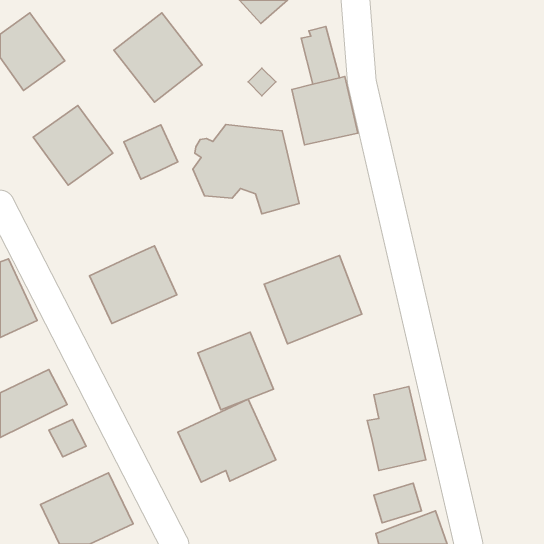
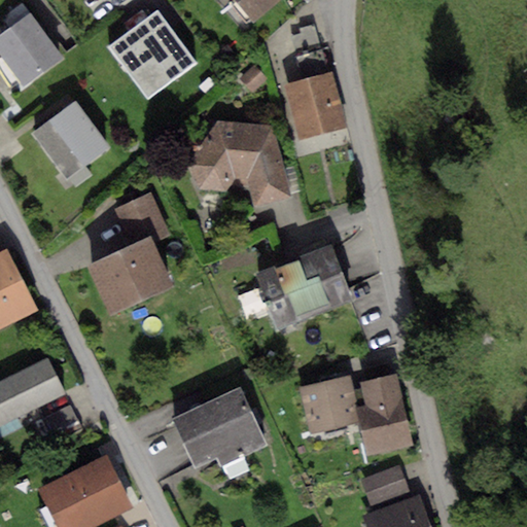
building: [124,125,178,179] -> [114,194,167,246]
building: [198,332,273,410] -> none
building: none -> [297,377,359,434]

